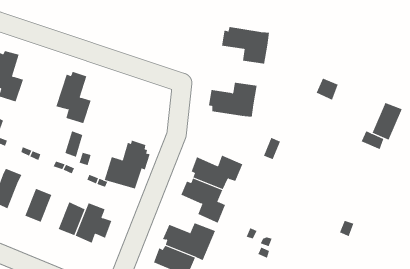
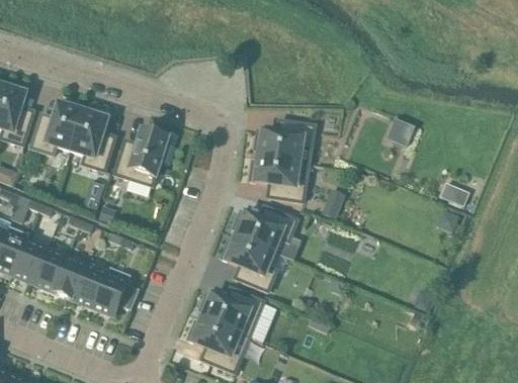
building: [221,27,270,64] -> [250,157,309,202]
building: none -> [30,99,83,156]
building: [372,102,403,141] -> none
building: [104,140,150,189] -> [113,126,170,186]
building: none -> [12,242,46,283]
building: none -> [53,258,86,299]

